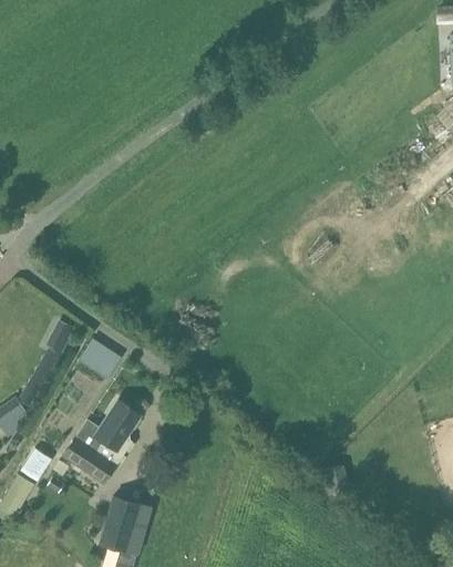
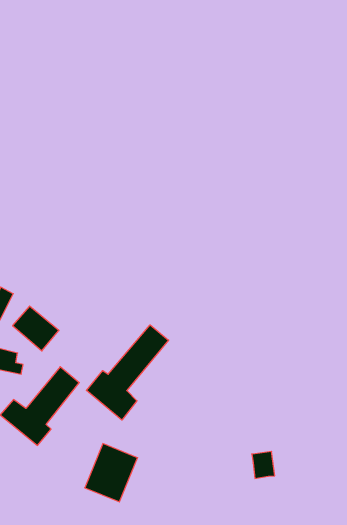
building: none -> [86,325,169,420]
building: [100,496,151,554] -> [85,444,138,502]

